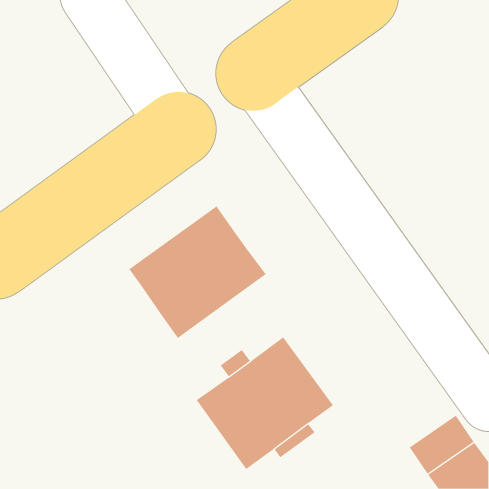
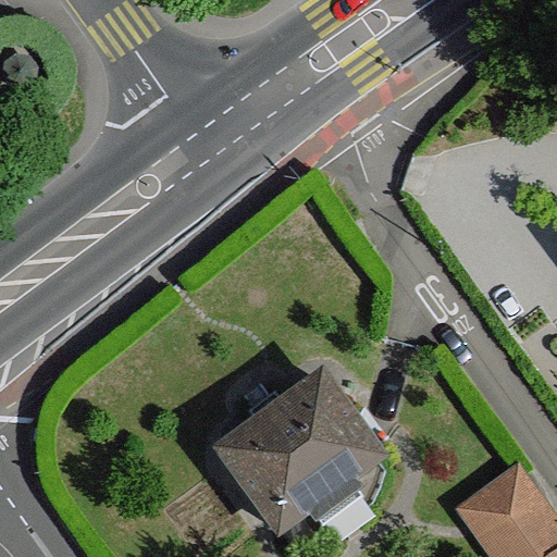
building: [129,206,266,339] -> none

